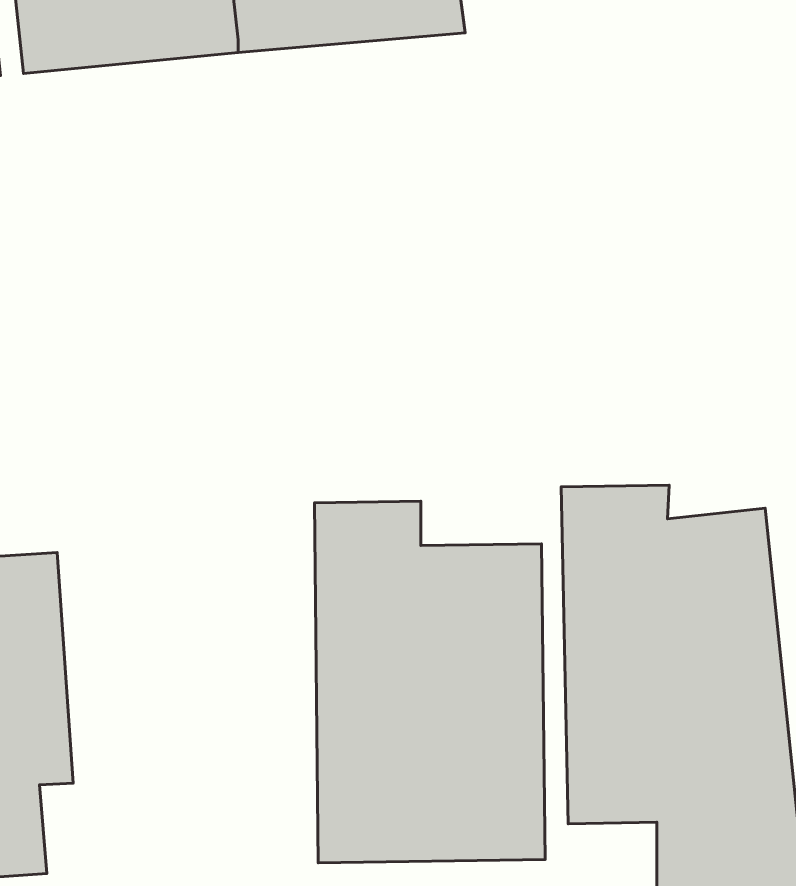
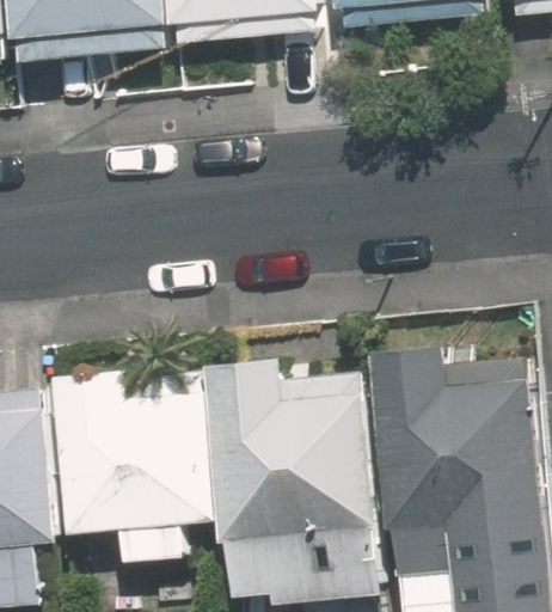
building: none -> [68,371,216,557]

